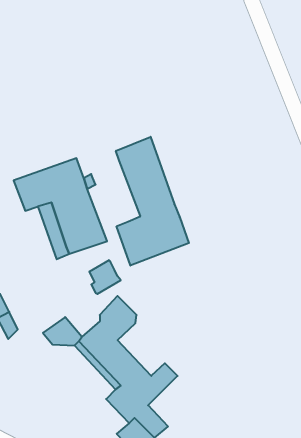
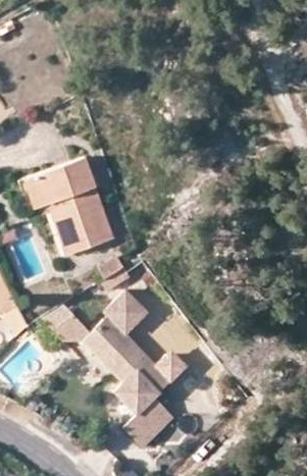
building: [116,137,189,266] -> none

